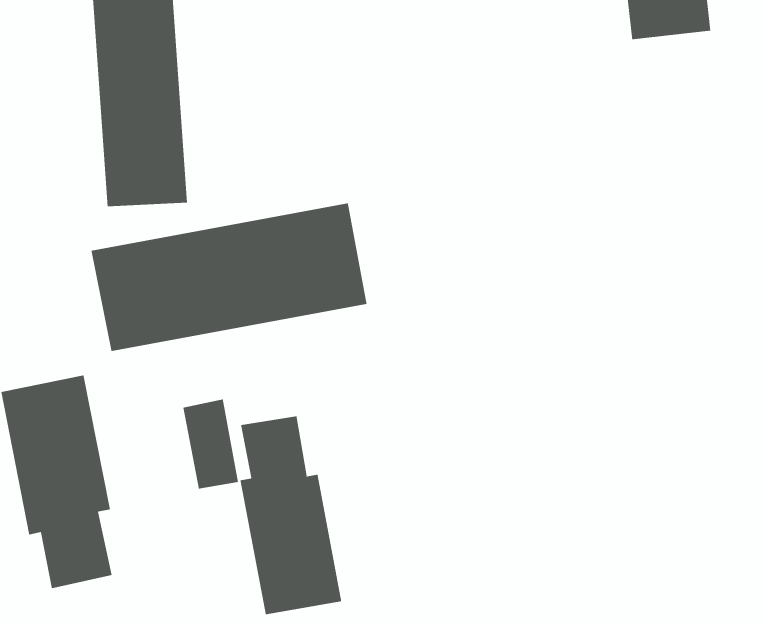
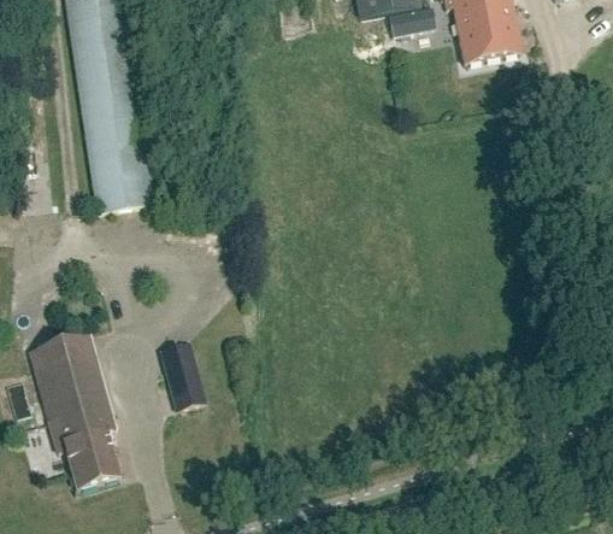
building: [91,202,367,352] -> none
building: [240,416,342,615] -> none

